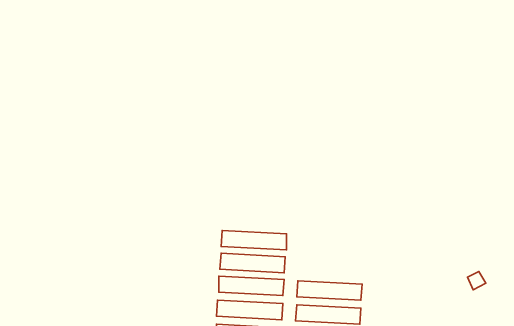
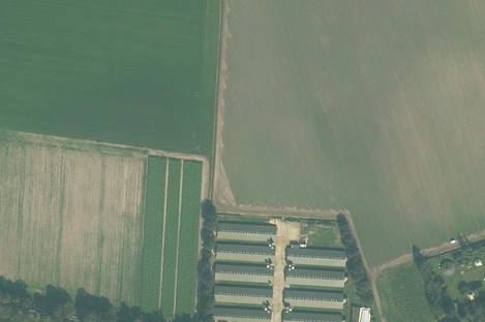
building: none -> [285,247,344,264]

